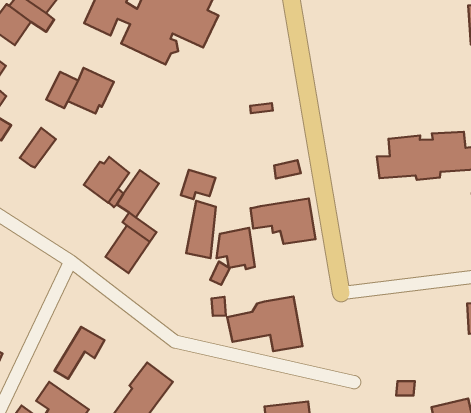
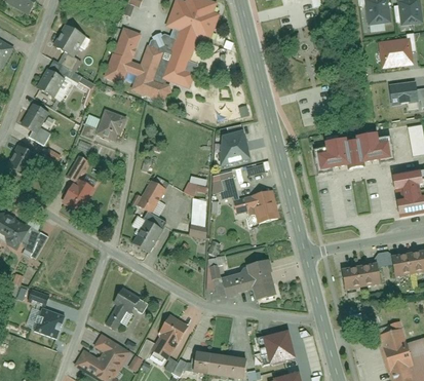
building: none -> [221,128,252,166]
building: [84,157,129,203] -> [63,177,94,209]
building: [217,228,255,269] -> [211,168,239,198]
building: none -> [342,261,383,291]

